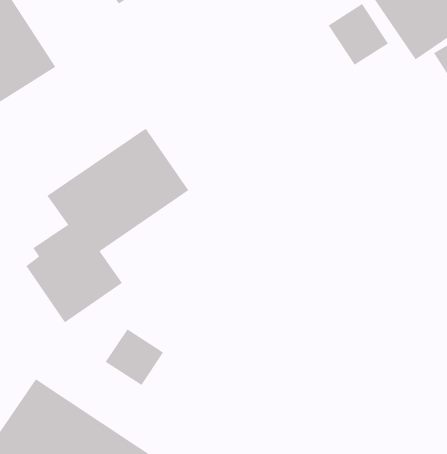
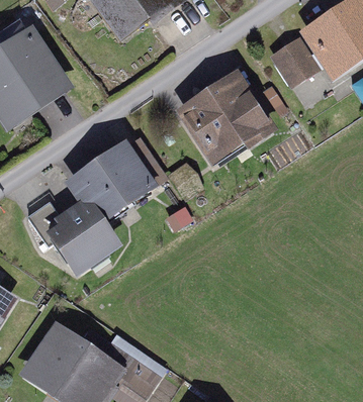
building: none -> [176,73,272,167]
building: [105,328,164,386] -> none

